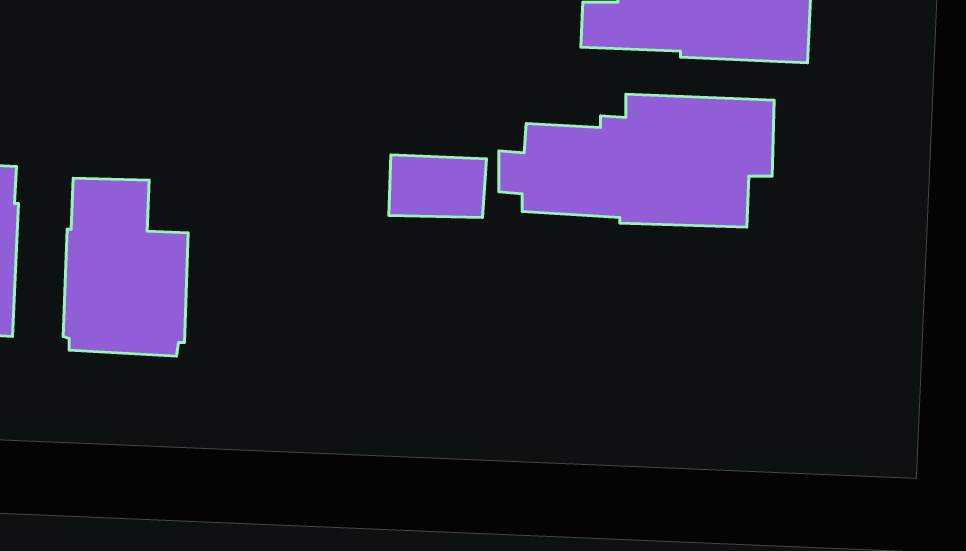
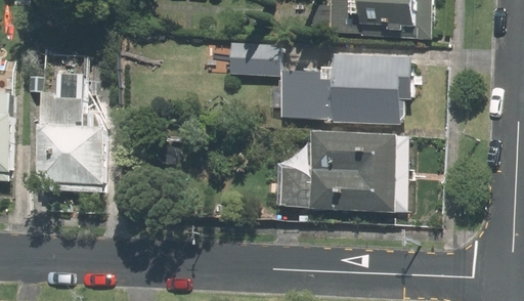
building: [389,155,486,217] -> [228,43,279,76]
building: none -> [280,134,409,215]

